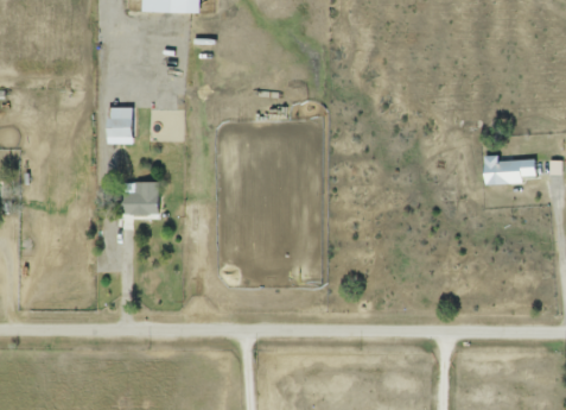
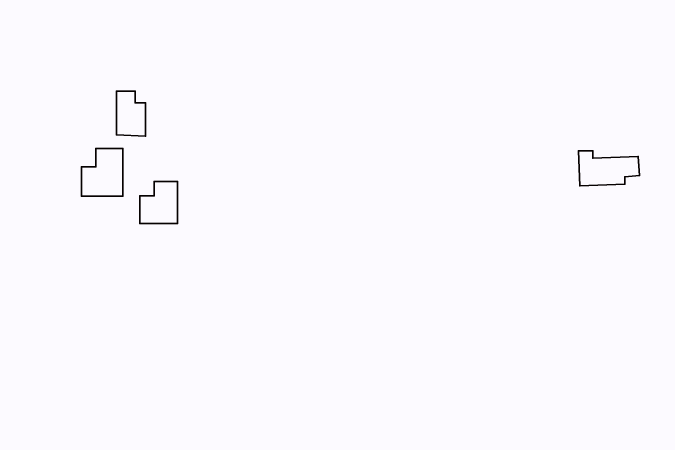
building: none -> [82,148,123,196]

